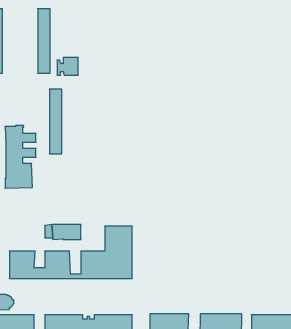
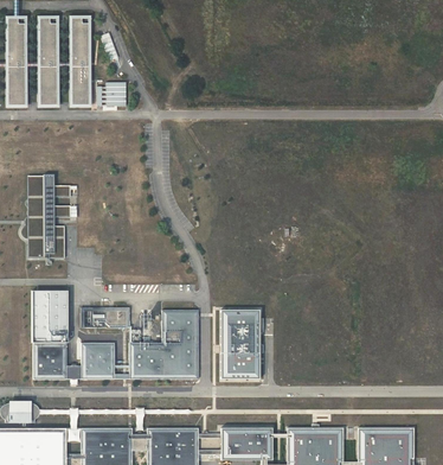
building: [49,89,62,154] -> [39,18,56,104]
building: none -> [32,291,68,343]
building: none -> [222,311,261,380]

